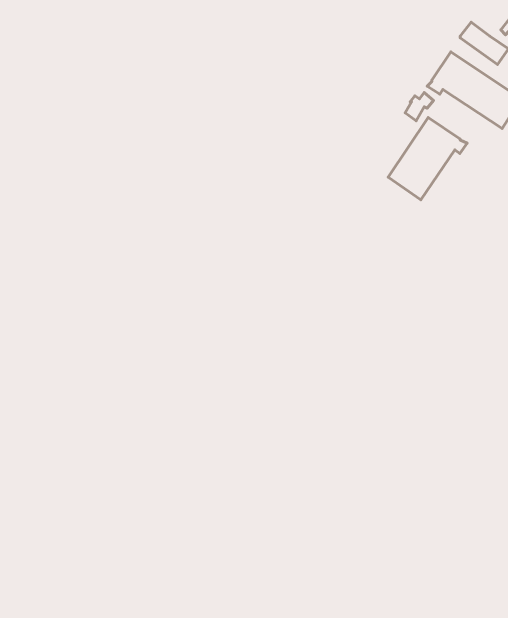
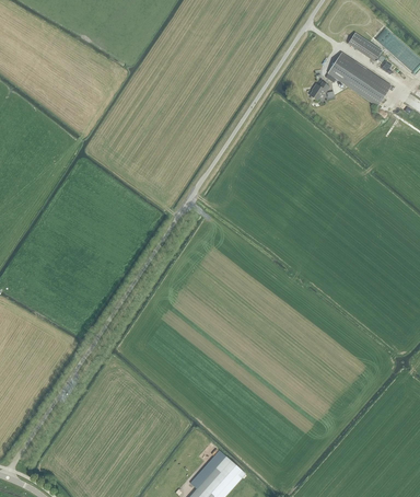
building: [388,118,467,200] -> none

